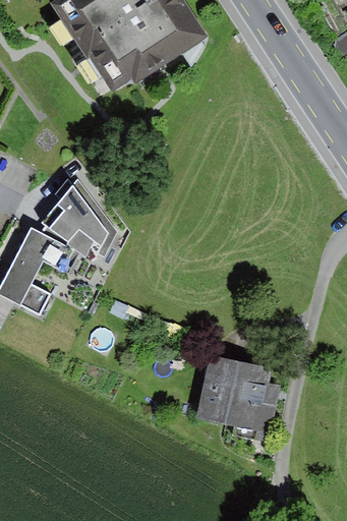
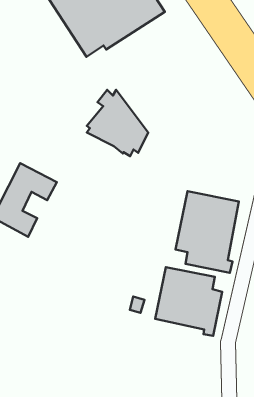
building: [40,178,116,260] -> [87,90,148,156]
building: none -> [175,191,239,273]

